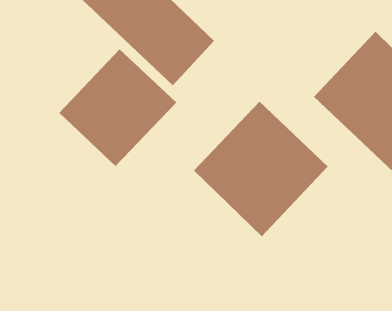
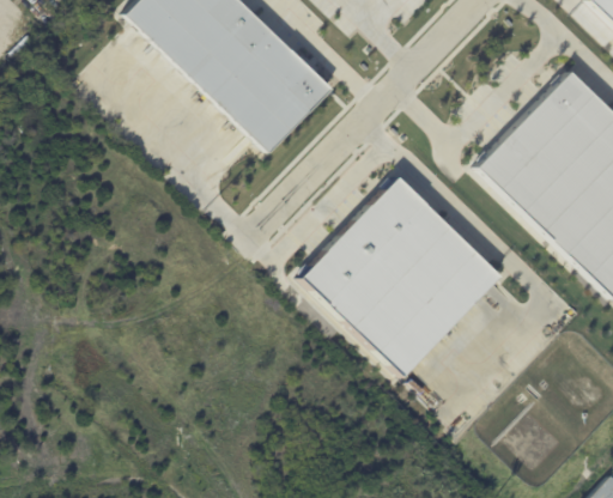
building: [58,48,177,167] -> none

